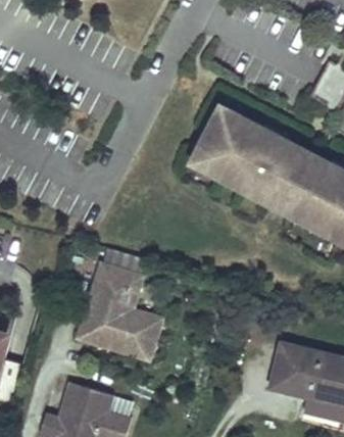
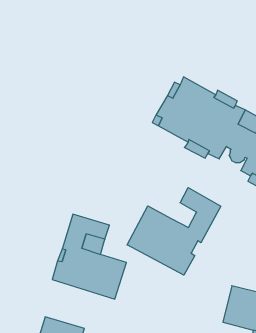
building: none -> [127,188,221,275]

